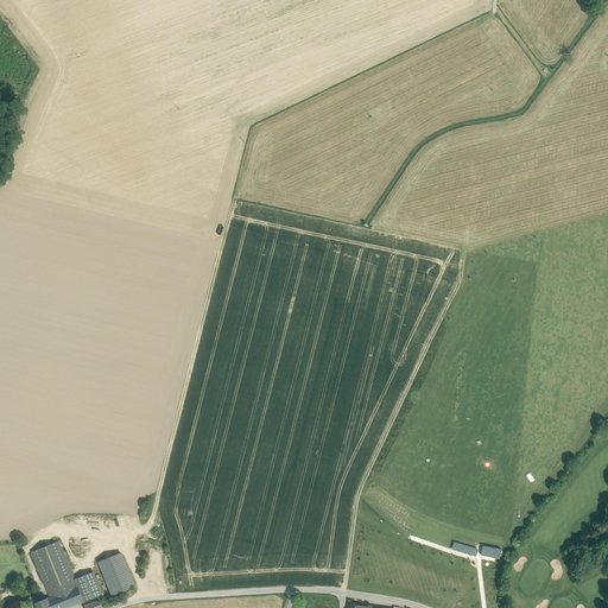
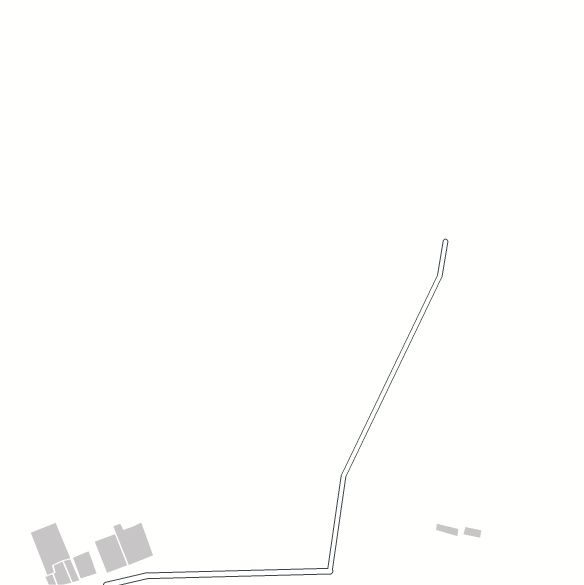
building: none -> [113,522,154,566]

